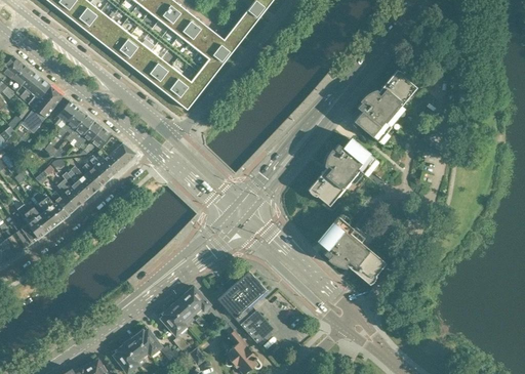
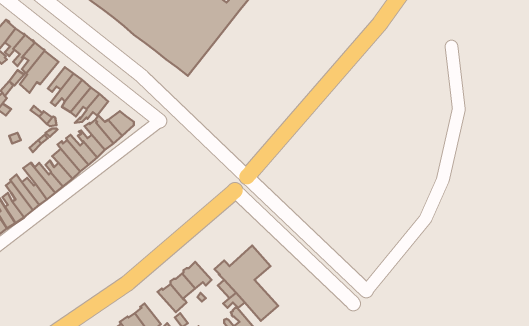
building: [354,71,419,146] -> none
building: [309,138,379,209] -> none
building: [318,213,388,284] -> none

